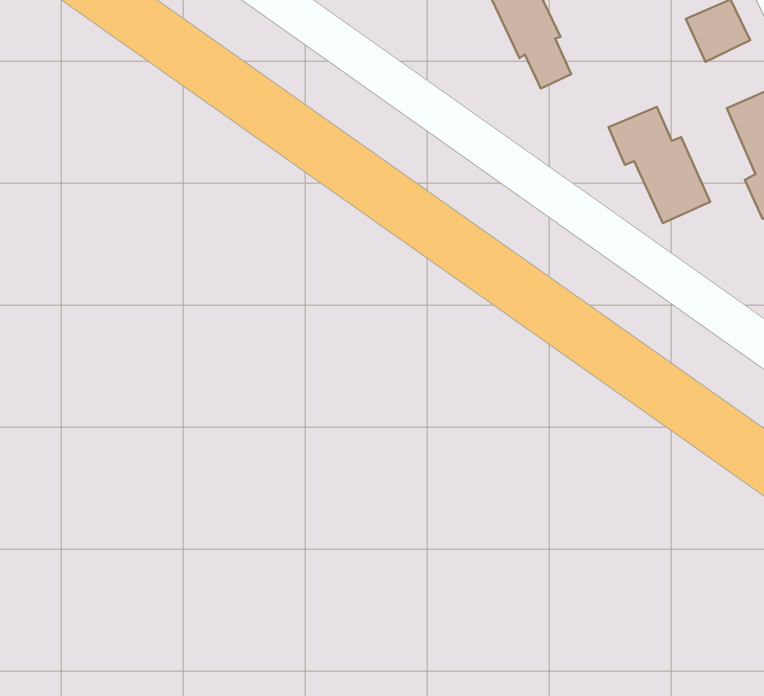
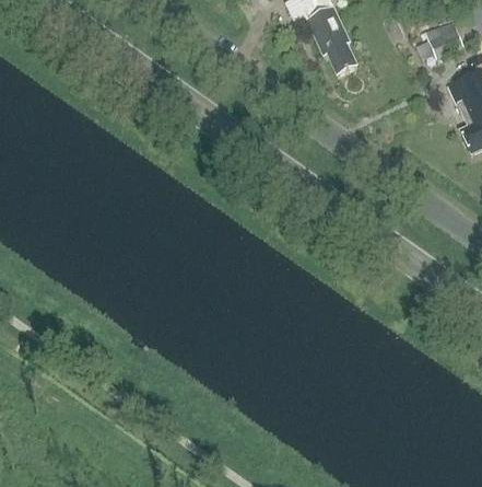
building: [608,107,710,223] -> none

